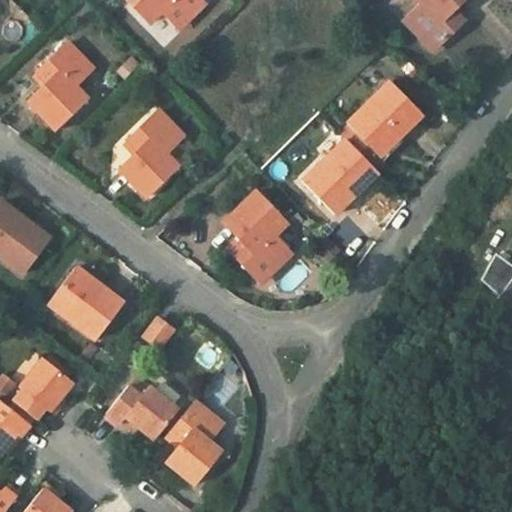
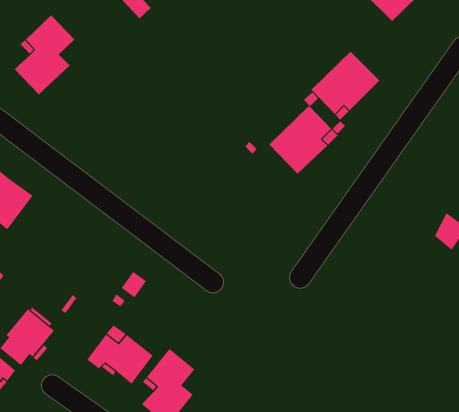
building: [119,110,184,197] -> none
building: [223,191,289,281] -> none
building: [48,267,124,340] -> none

